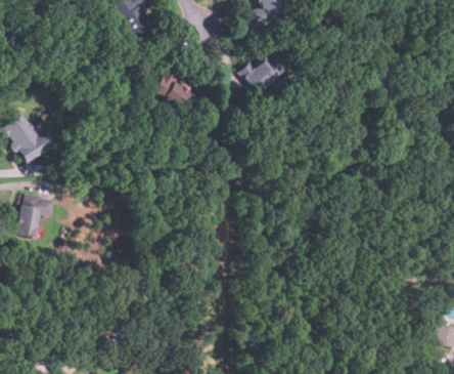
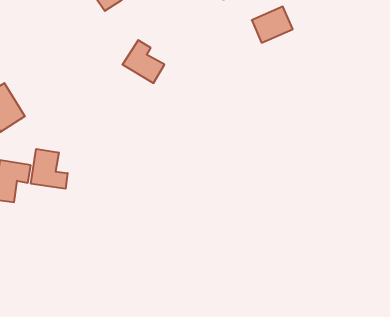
building: [244,54,287,92] -> [252,7,293,43]
building: none -> [31,149,68,189]

